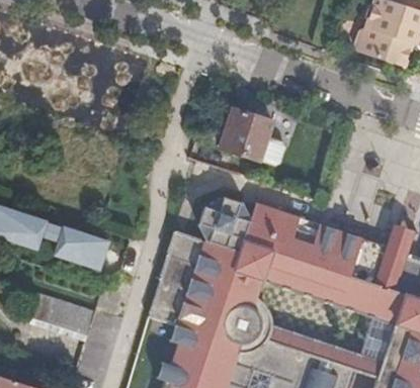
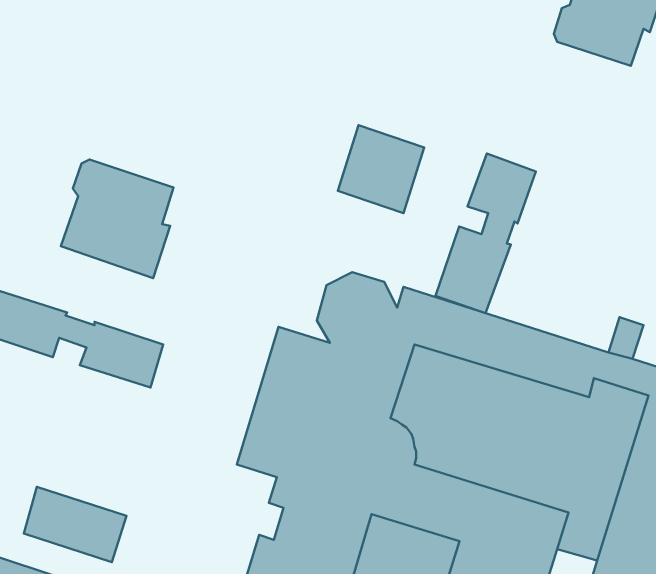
building: none -> [436,153,536,313]
building: none -> [61,159,174,278]
building: [29,292,94,340] -> [24,487,126,562]

